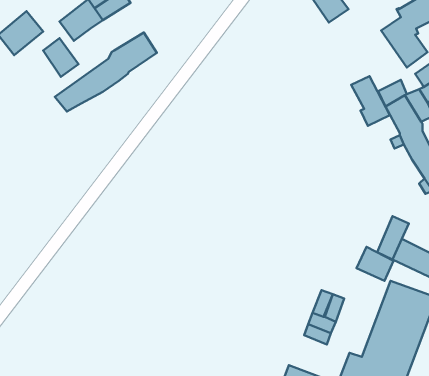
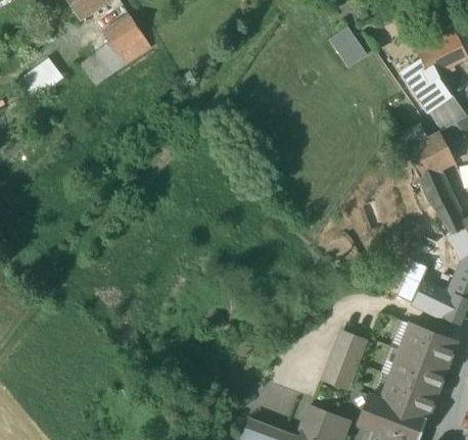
building: [55,33,157,112] -> none
building: [43,38,79,77] -> none
building: [351,76,390,126] -> none
building: [357,247,394,281] -> none

